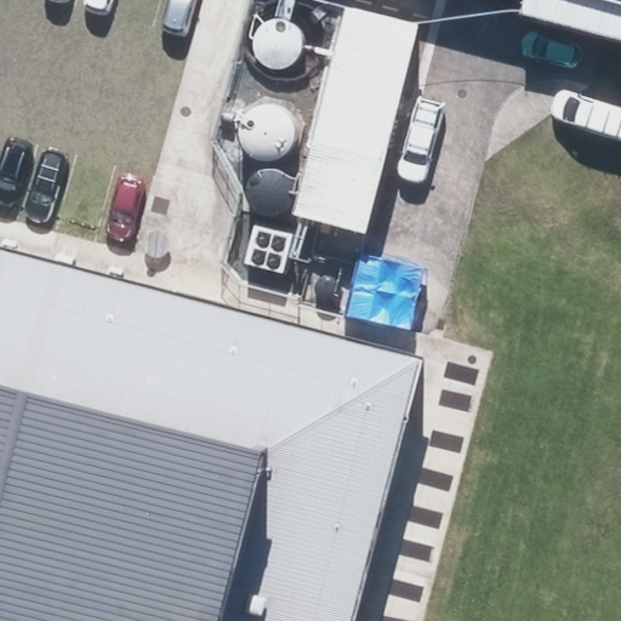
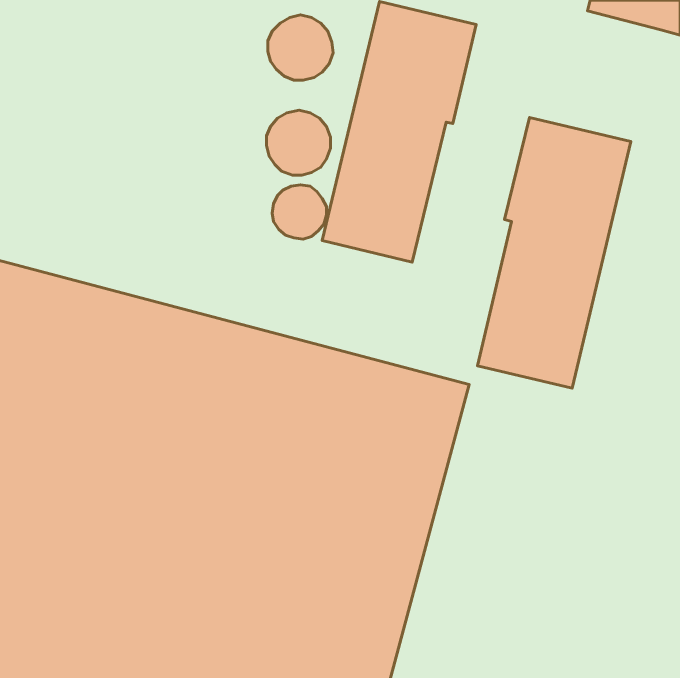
building: none -> [478,117,631,388]

